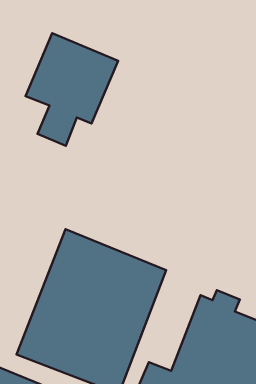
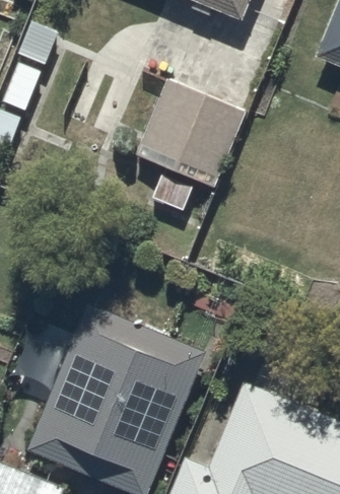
building: [25,33,118,146] -> [138,80,248,213]

